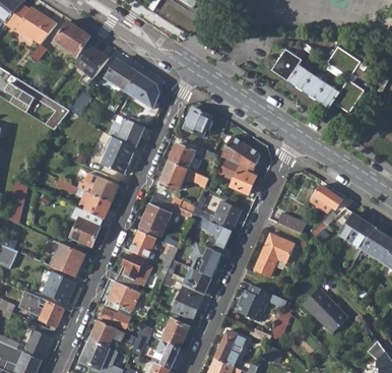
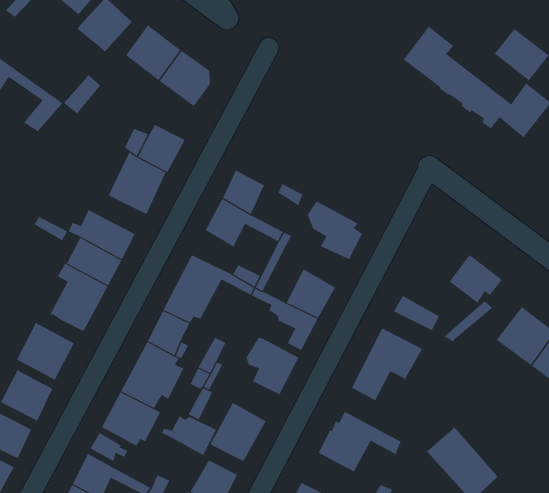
building: [183,108,211,137] -> none
building: [220,135,259,171] -> none
building: [178,270,211,294] -> [161,416,217,456]

